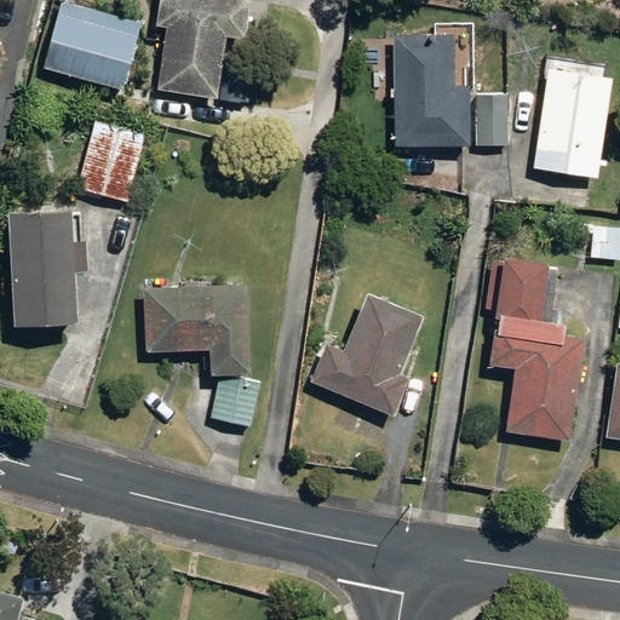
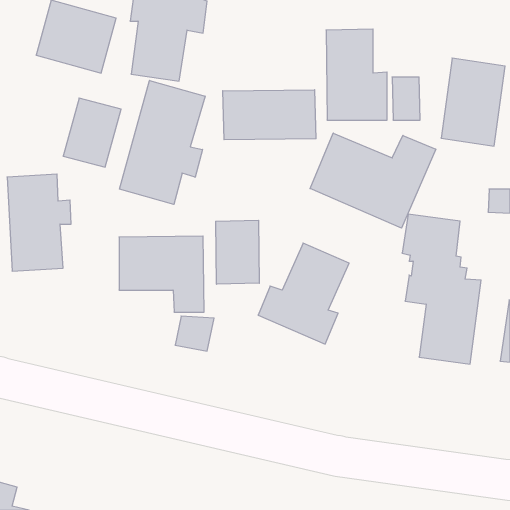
building: none -> [120,80,205,204]
building: none -> [223,90,316,140]
building: none -> [310,133,436,228]
building: none -> [216,220,259,284]

